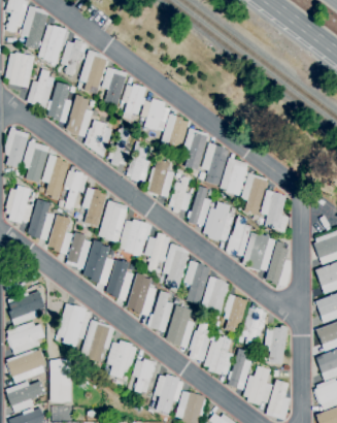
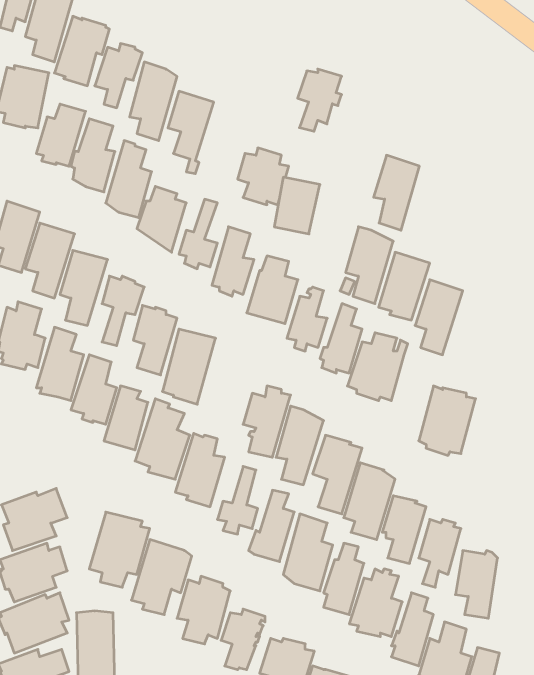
building: [121,84,145,119] -> [298,69,342,131]
building: [181,128,207,170] -> [374,155,419,230]
building: [260,189,289,232] -> none
building: [226,216,250,256] -> none
building: [117,219,151,256] -> none
building: [264,239,291,286] -> none

